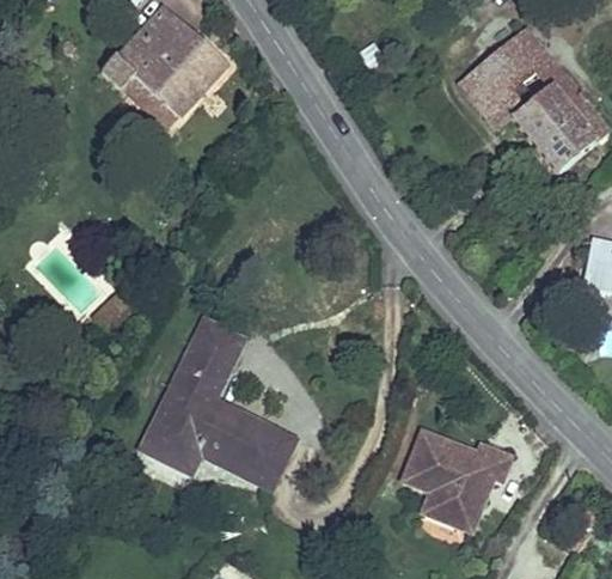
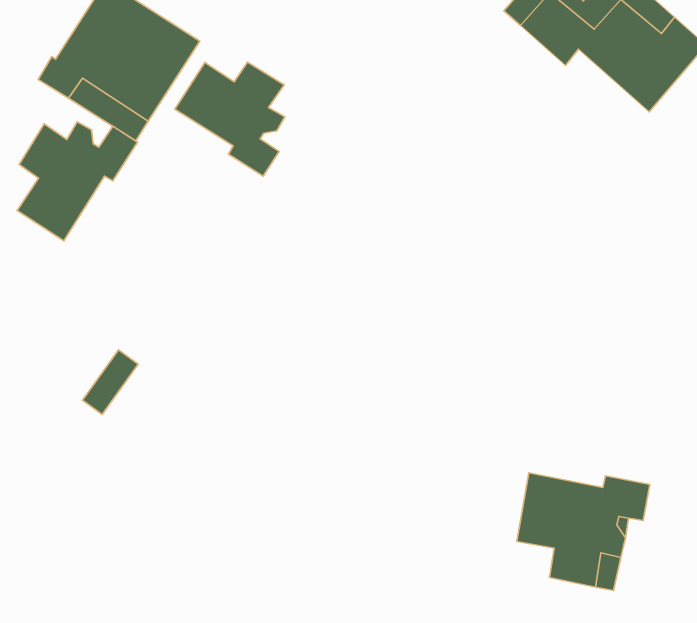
building: none -> [175,62,285,176]
building: none -> [17,122,137,241]
building: [145,322,293,484] -> none

